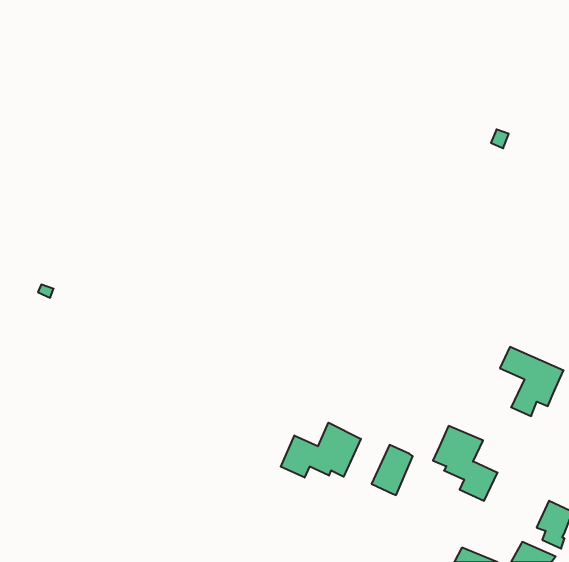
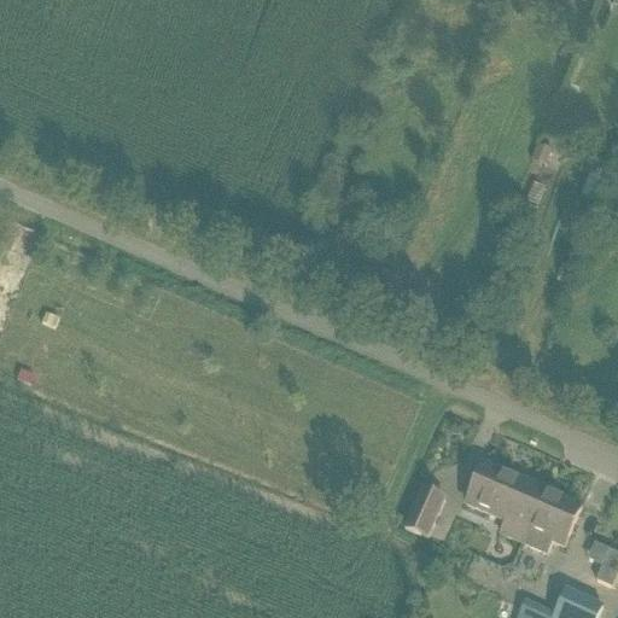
building: [500,347,564,416] -> [513,477,582,552]
building: [281,423,361,478] -> none

